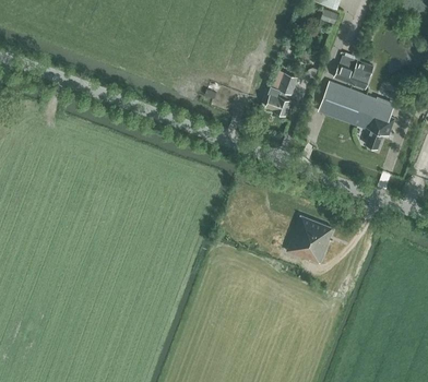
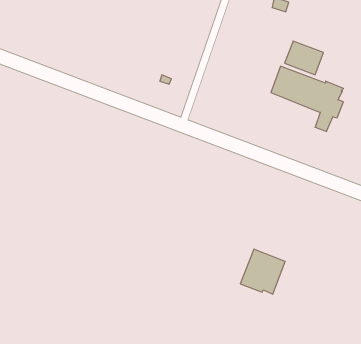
building: [265,73,298,117] -> none
building: [287,216,334,263] -> [240,249,285,294]

